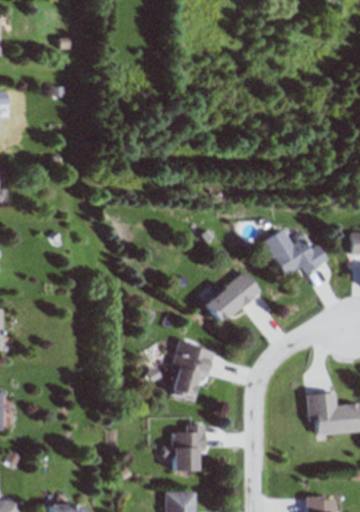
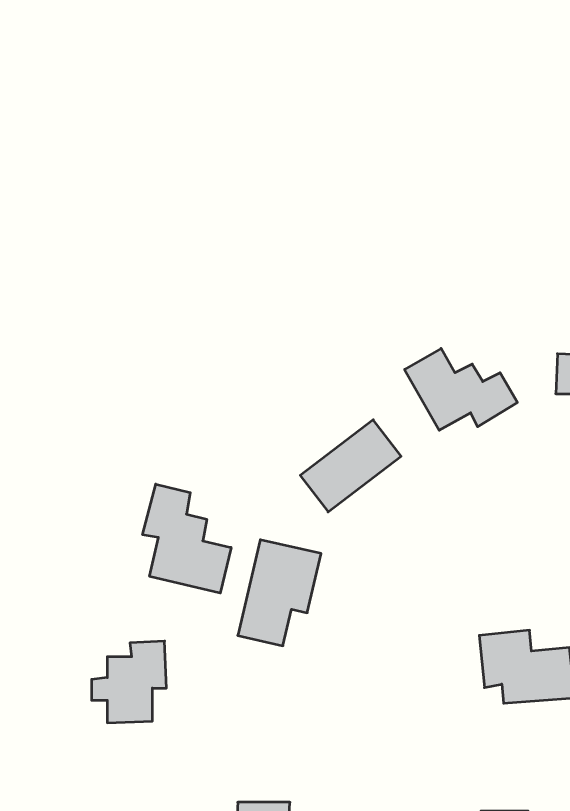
building: none -> [143,484,231,593]
building: [164,424,207,471] -> [92,641,166,723]

